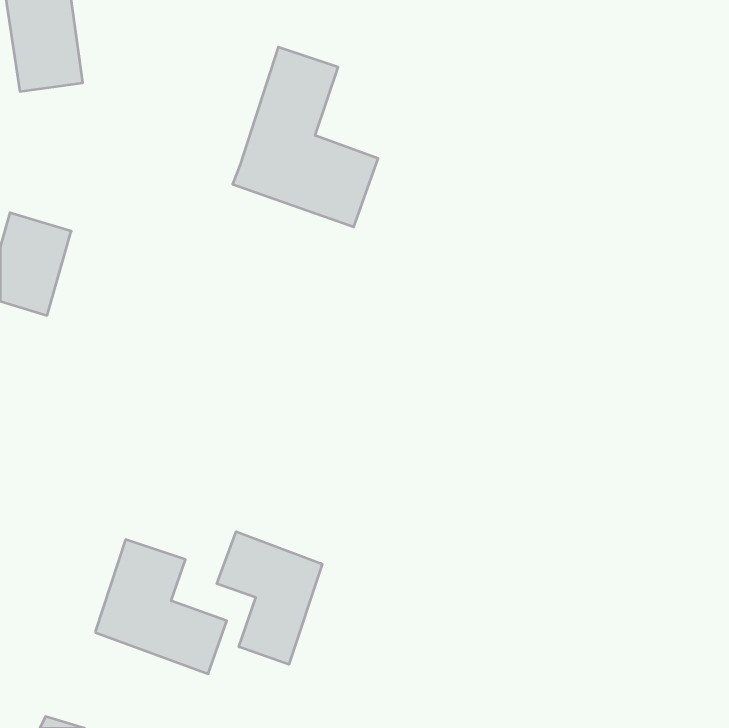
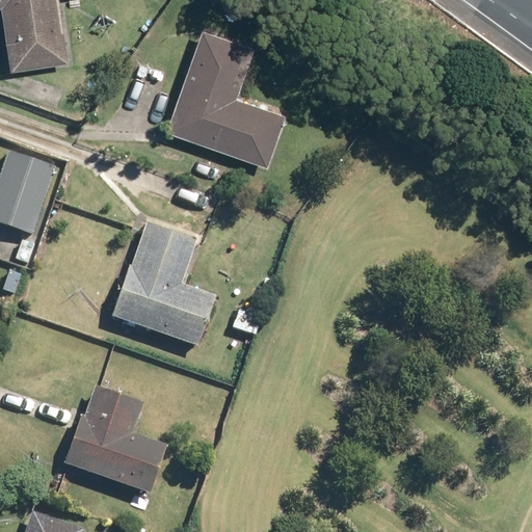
building: none -> [117,231,209,342]
building: [217,532,322,664] -> none

